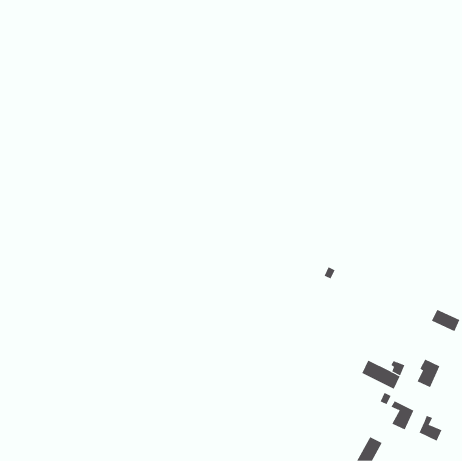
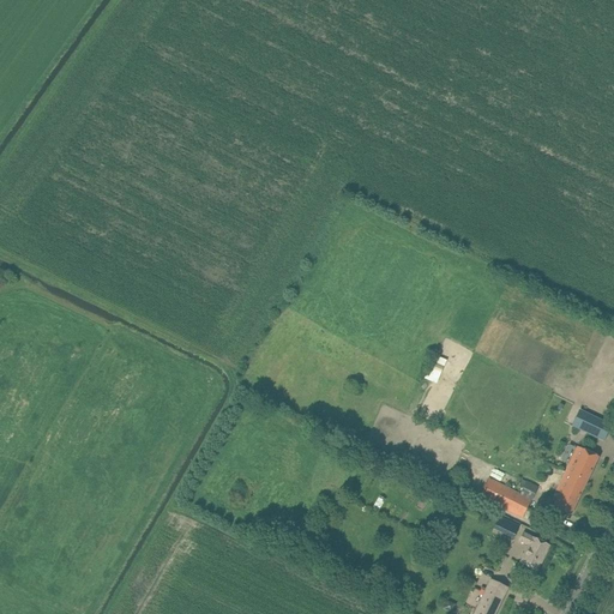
building: none -> [564,446,598,486]
building: [419,415,442,442] -> none

